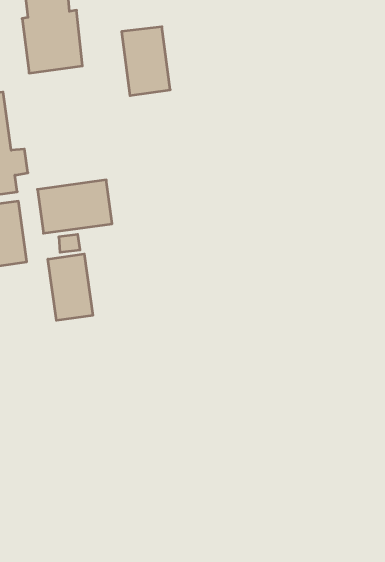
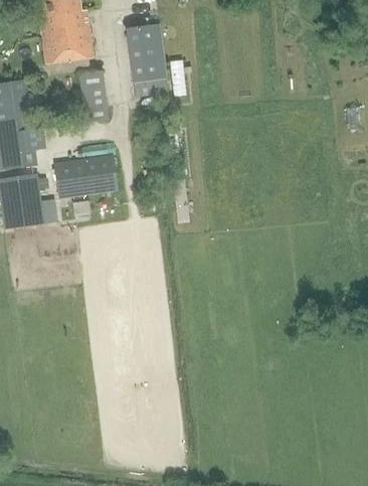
building: none -> [77,69,102,118]
building: [48,254,93,320] -> none

